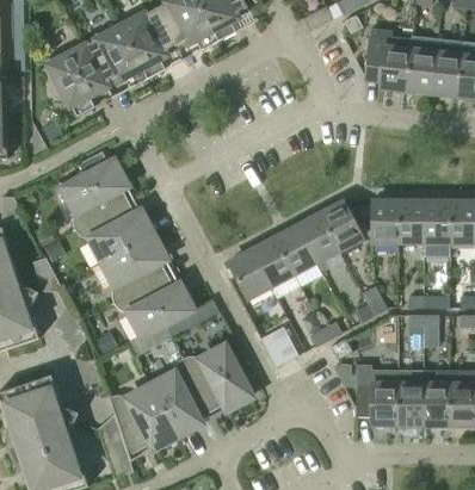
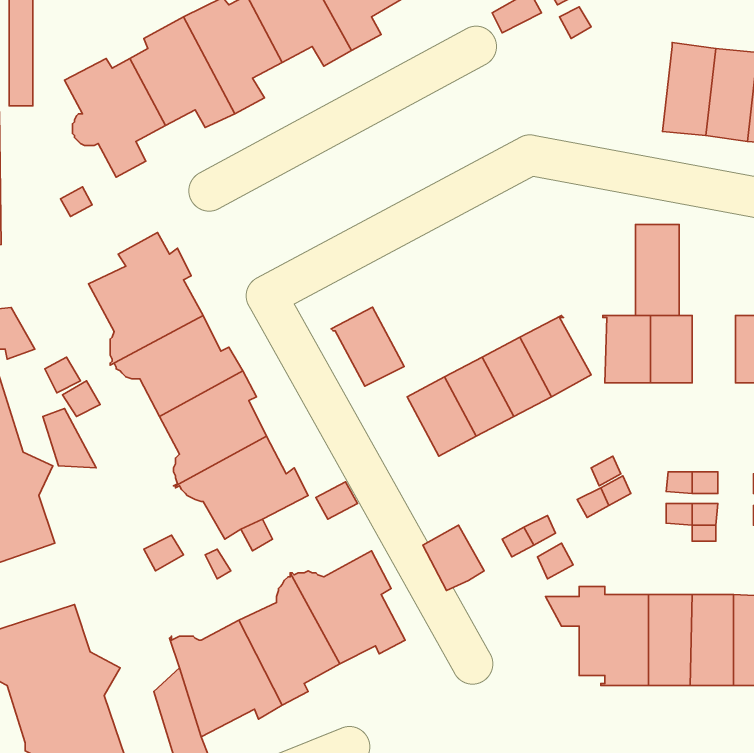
building: [365,29,412,91] -> none
building: [424,201,450,256] -> [636,225,679,316]
building: [227,250,271,298] -> [331,307,404,386]

